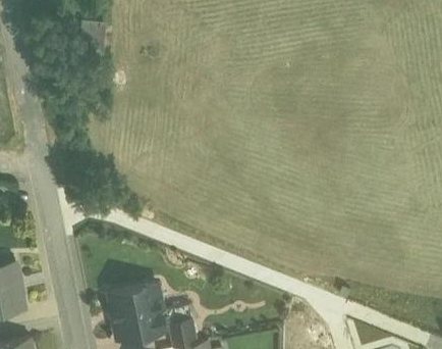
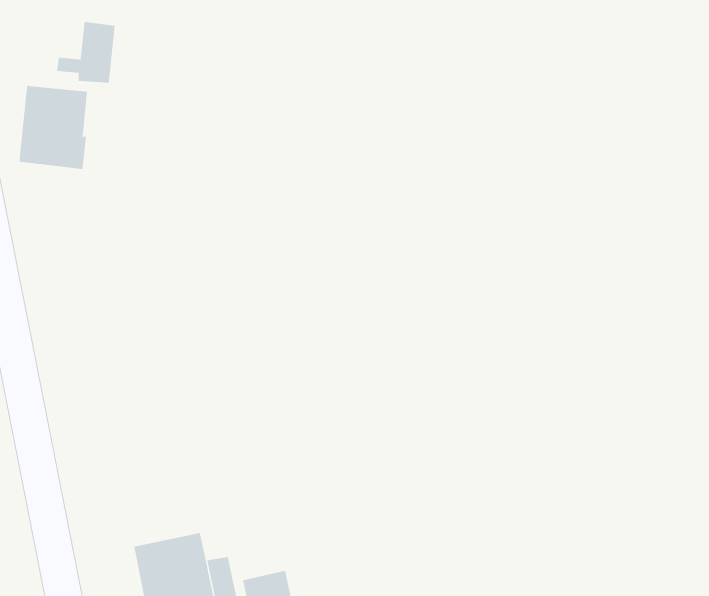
building: none -> [19,85,87,170]

